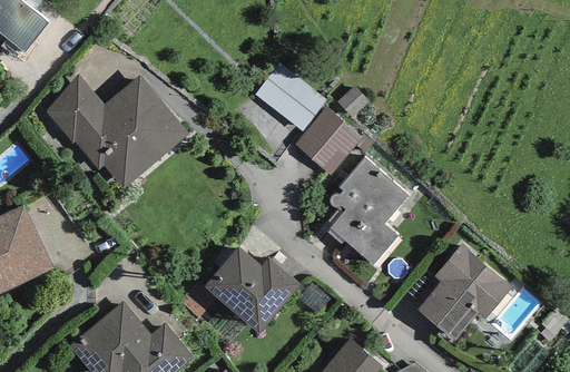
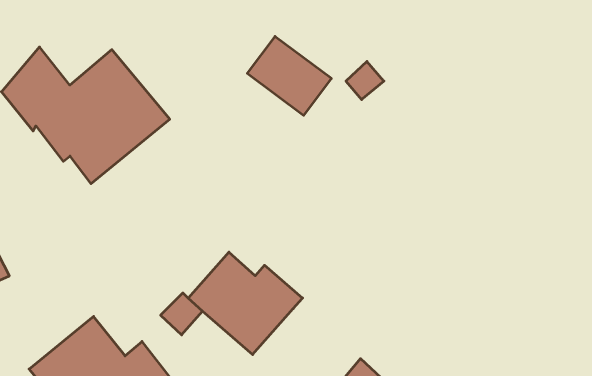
building: [295,107,362,174] -> none
building: [330,158,407,265] -> none
building: [416,243,511,340] -> none

